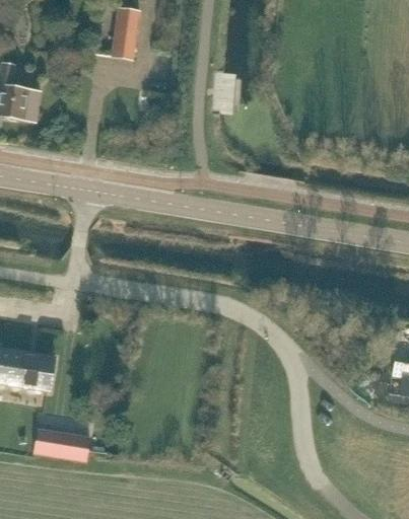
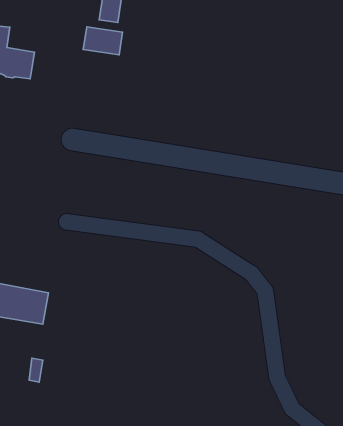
building: none -> [83,27,122,55]
building: [61,433,88,460] -> none

